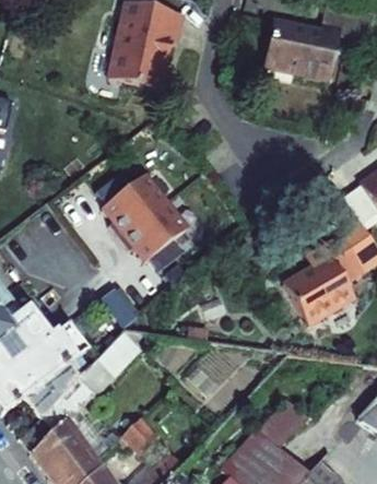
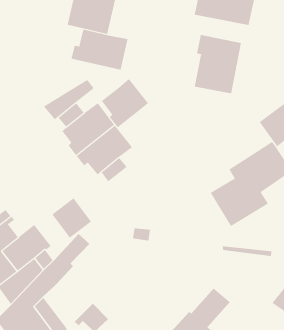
building: none -> [71,29,128,71]
building: none -> [194,34,241,94]
building: none -> [101,78,149,128]
building: none -> [43,79,95,120]

